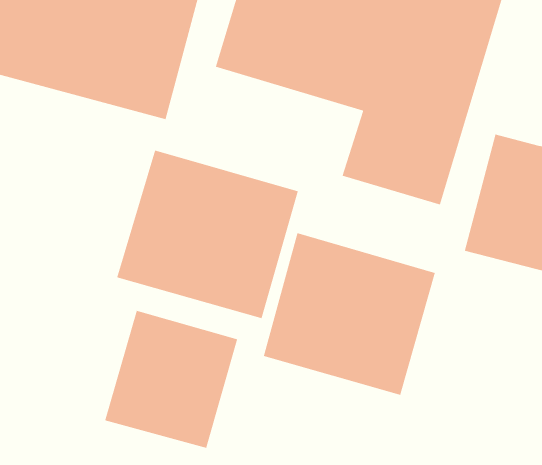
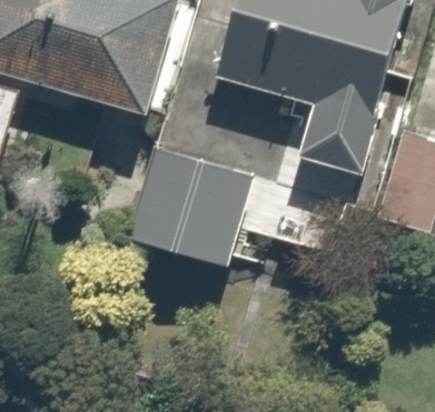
building: [263,232,436,396] -> none
building: [104,310,238,449] -> none

